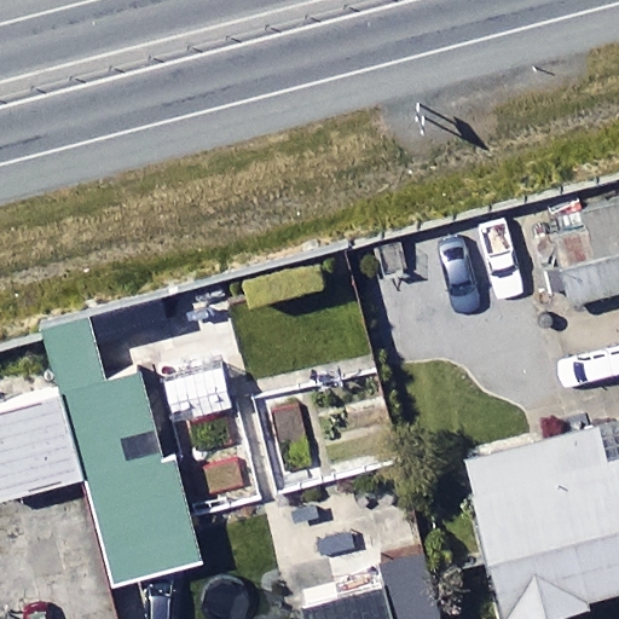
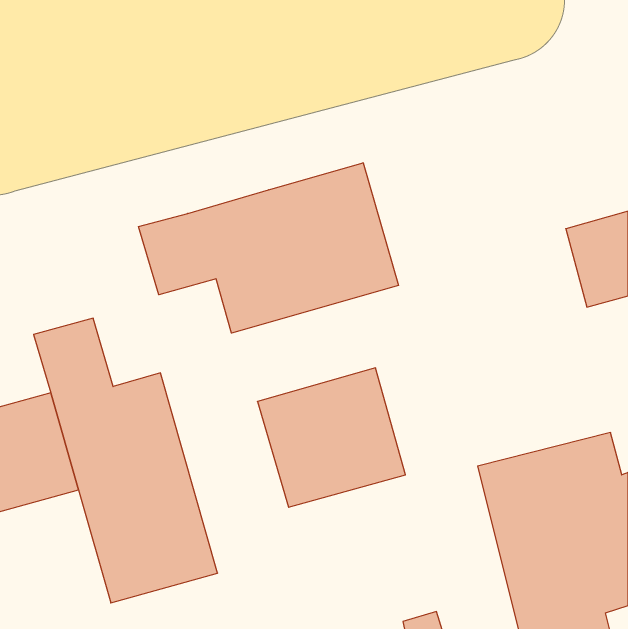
building: none -> [139,163,399,333]

